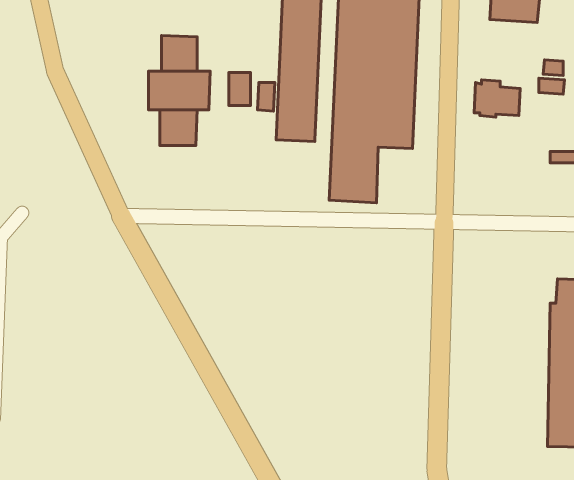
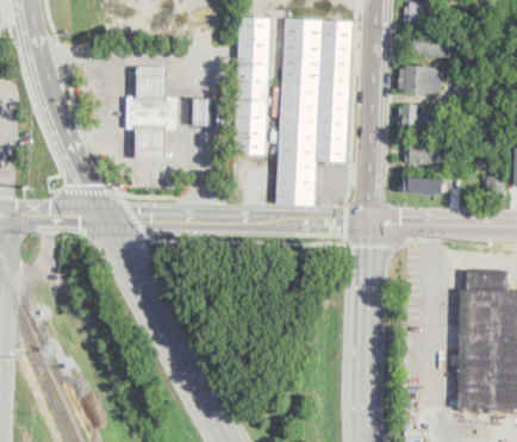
building: none -> [398,64,441,93]
building: none -> [404,141,441,164]
building: none -> [403,175,442,193]

